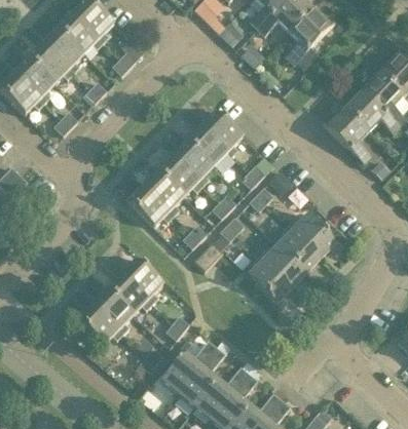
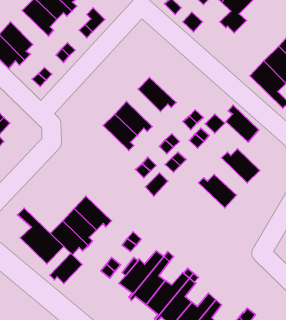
building: [26,42,73,84] -> none
building: [198,110,242,156] -> none
building: [170,140,212,186] -> none
building: [125,185,173,227] -> none
building: [279,225,320,271] -> [226,105,259,142]
building: [249,256,292,302] -> none
building: [119,257,161,303] -> none
building: none -> [18,208,64,264]
building: none -> [50,253,82,284]

